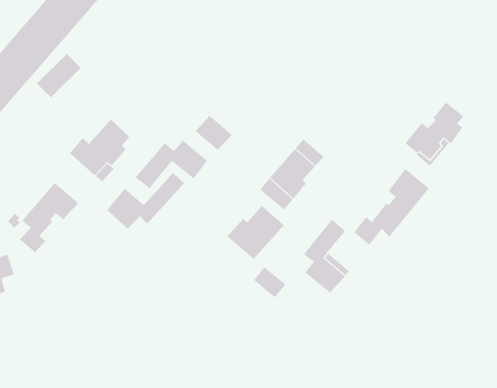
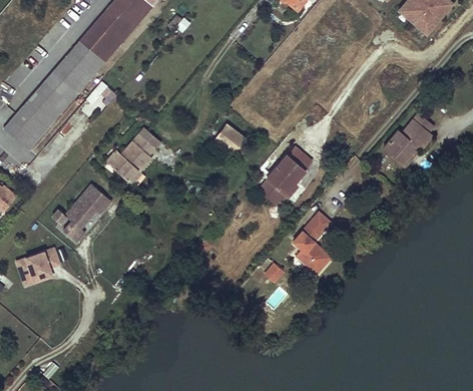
building: [135,140,208,189] -> none
building: [353,168,429,246] -> none
building: [107,172,185,229] -> none
building: [226,205,284,260] -> none

